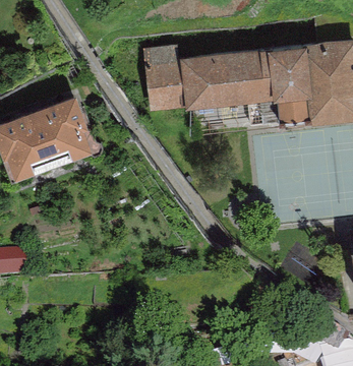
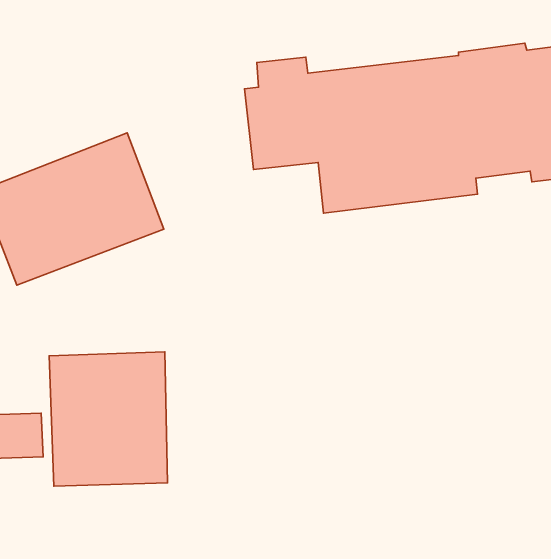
building: none -> [49,352,168,486]

